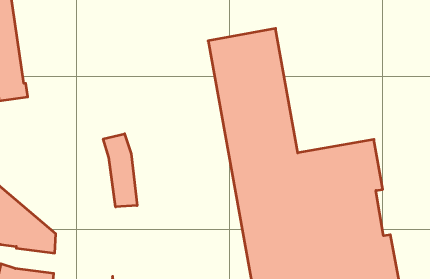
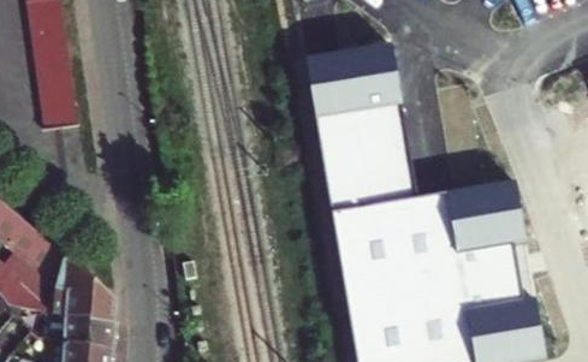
building: [103,134,137,207] -> none
building: none -> [63,313,112,344]

